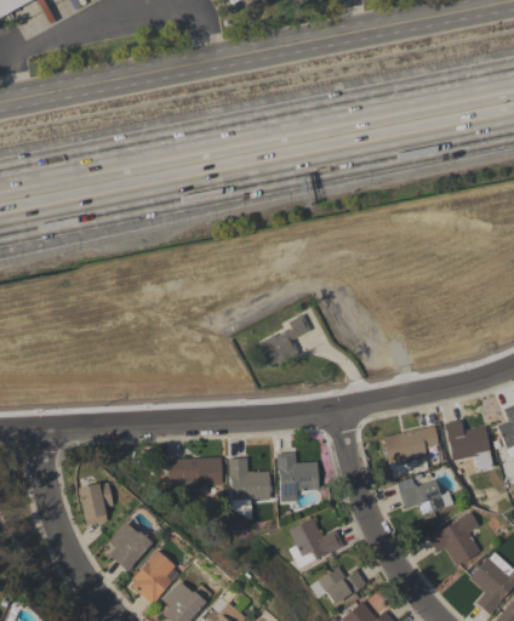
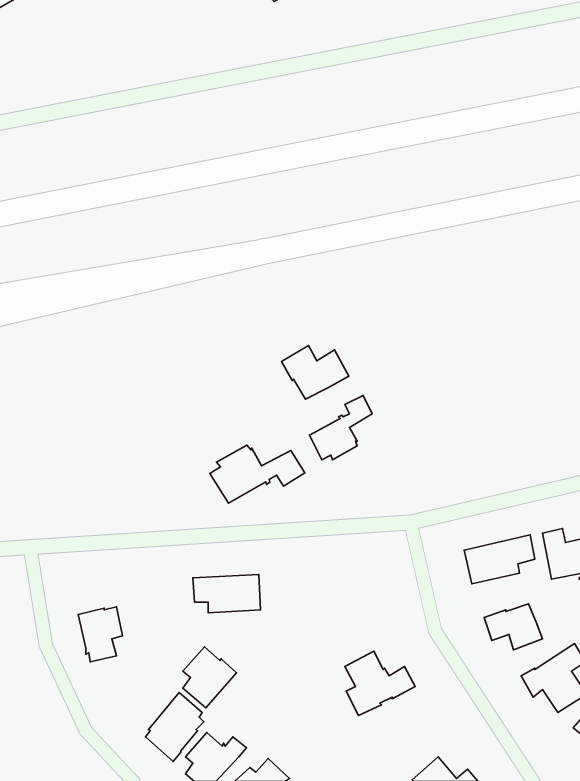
building: none -> [281,346,349,399]
building: none -> [210,445,305,503]
building: [276,452,319,496] -> none
building: [229,457,273,501] -> none
building: [109,522,152,570] -> [183,647,237,708]
building: [310,565,366,604] -> none

